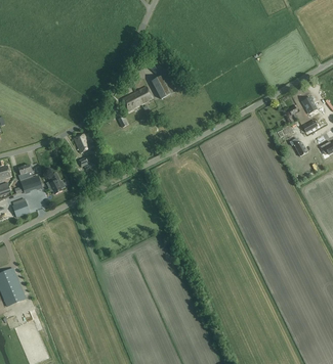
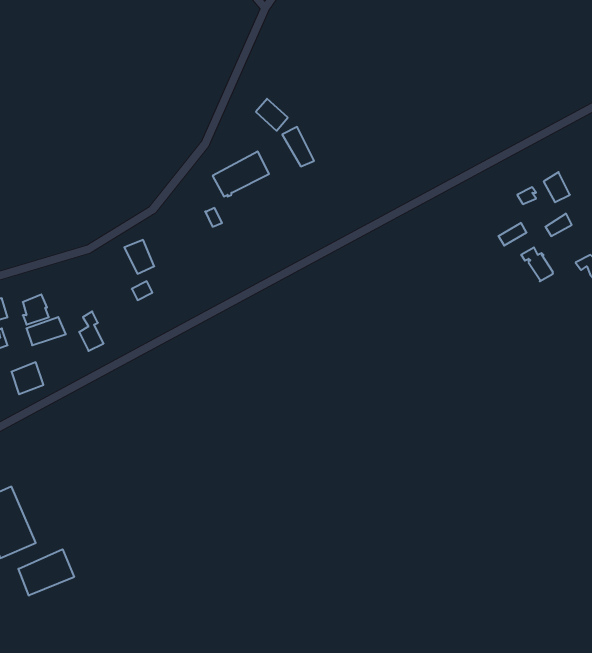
building: none -> [18,549,74,596]

